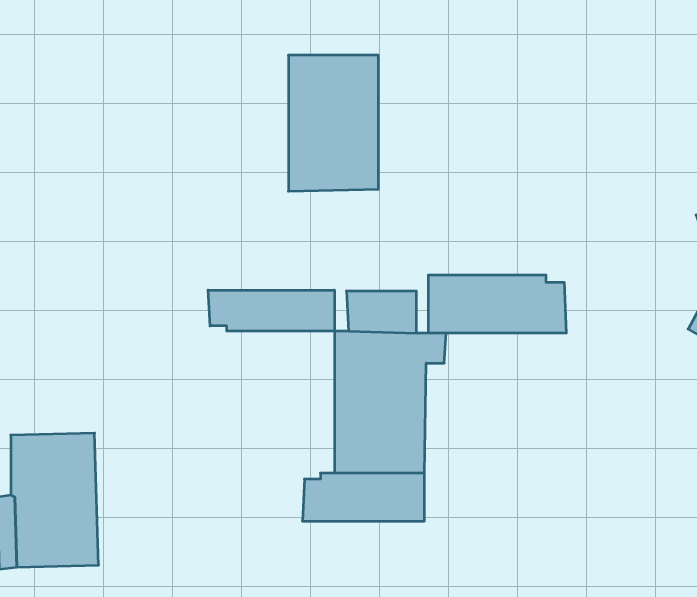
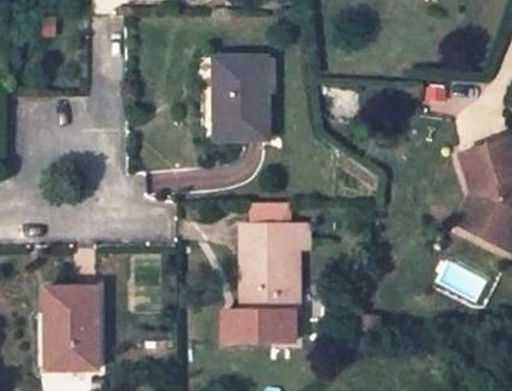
building: [428,275,566,333] -> none
building: [208,290,334,331] -> none

